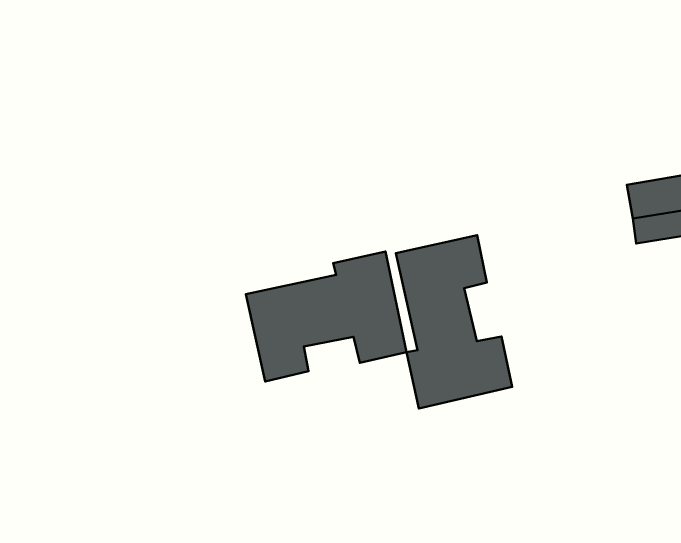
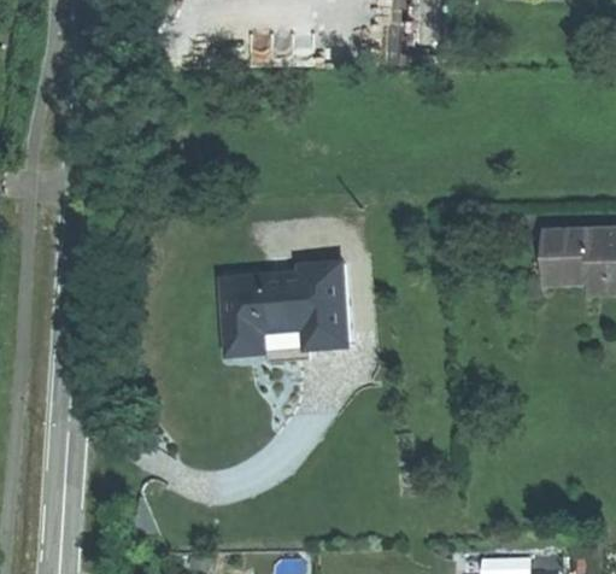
building: [396,235,512,409] -> none

